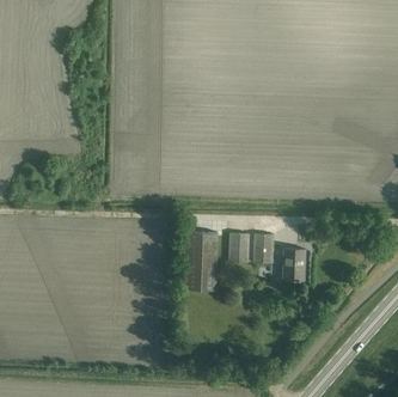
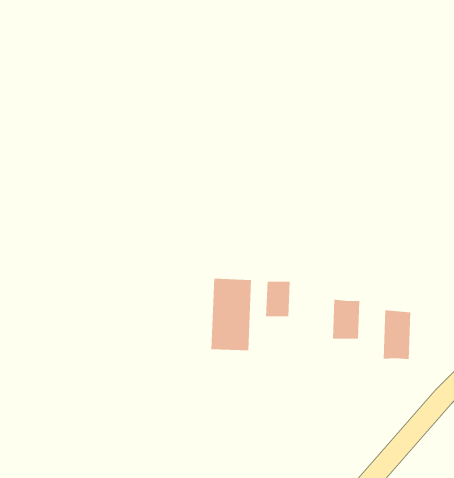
building: [253,233,274,263] -> none
building: none -> [383,310,411,360]

